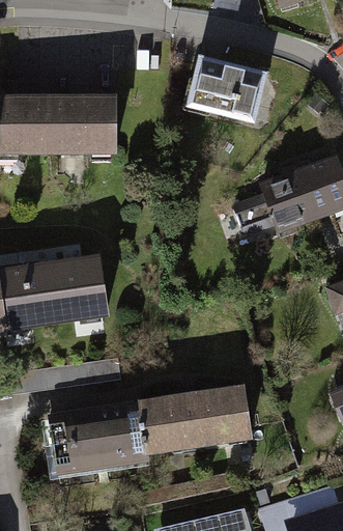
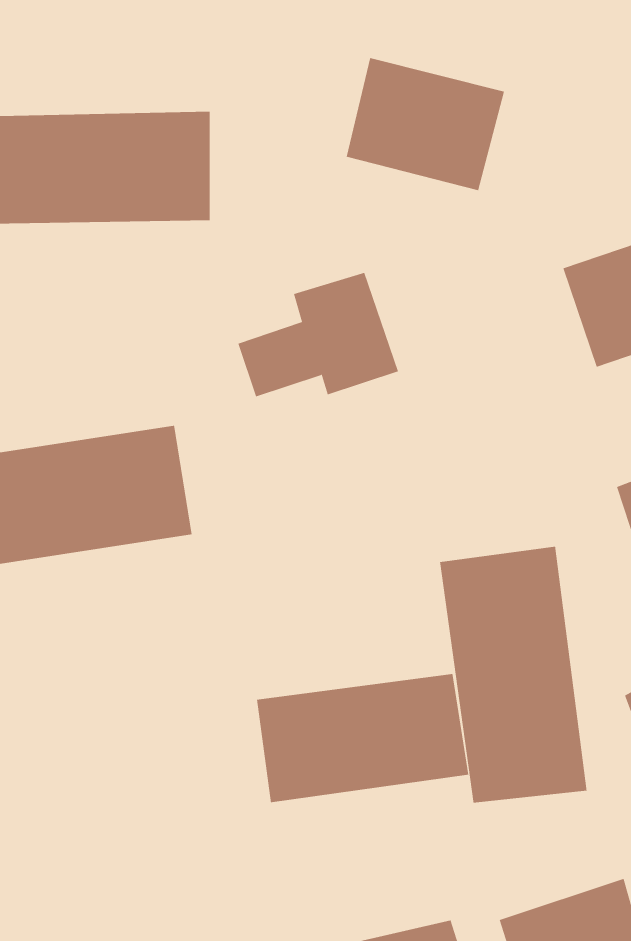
building: [233,173,317,239] -> [238,272,399,397]
building: none -> [440,546,587,804]
building: [49,398,149,473] -> none

